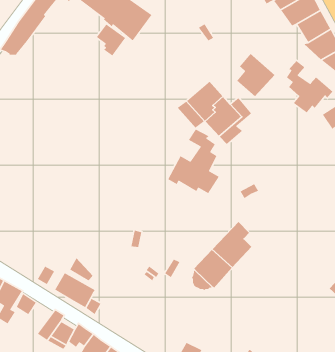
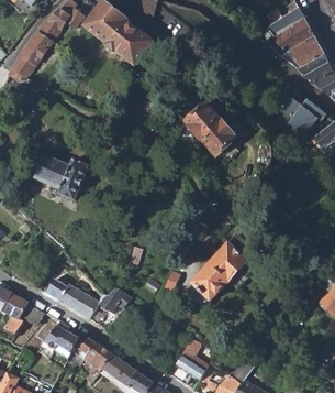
building: [96,24,126,57] -> none
building: [236,53,276,97] -> none
building: [167,129,220,194] -> none
building: none -> [34,154,88,200]
building: none -> [97,288,133,314]

